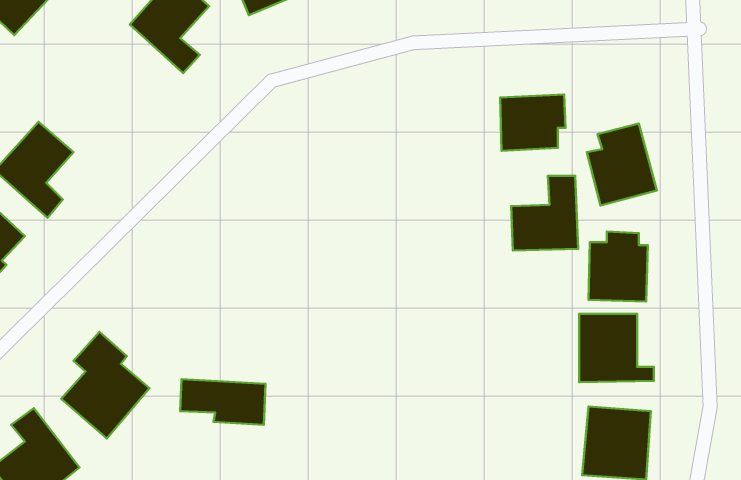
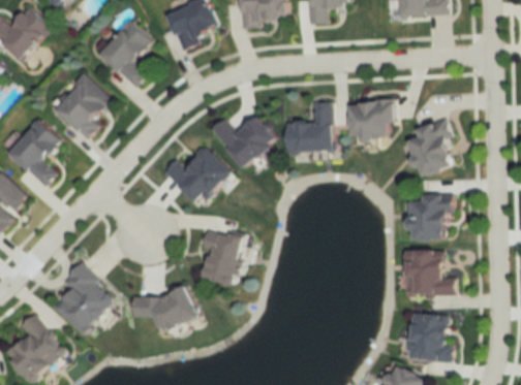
building: none -> [53,75,113,139]
building: none -> [210,118,276,169]
building: none -> [162,149,231,203]
building: [511,176,578,250] -> [286,102,332,153]
building: none -> [201,229,244,285]

